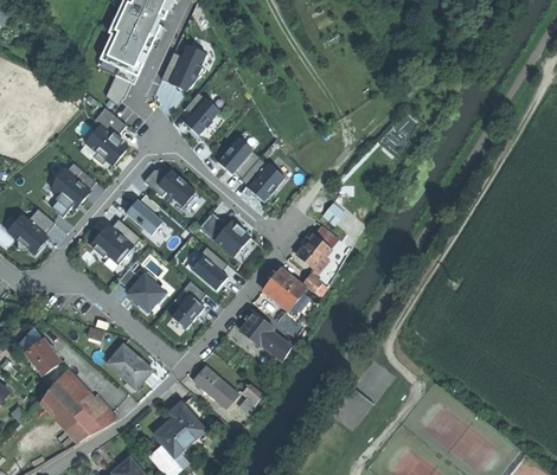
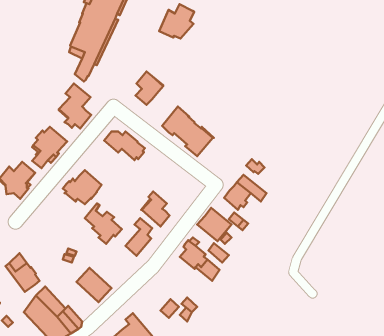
building: [161,45,206,89] -> [159,4,194,38]
building: [126,200,162,235] -> none
building: [198,212,250,257] -> none
building: [193,365,229,399] -> none

